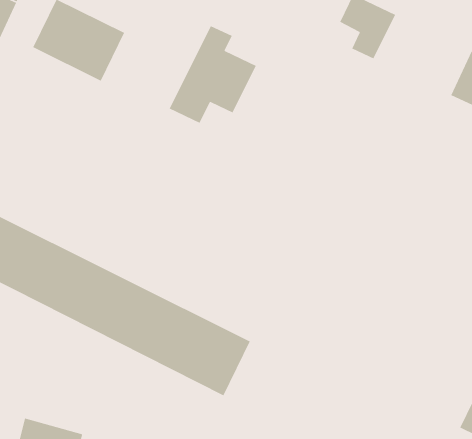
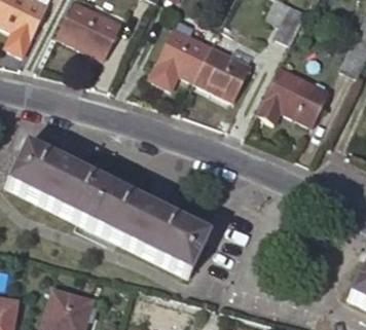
building: none -> [194,47,251,100]
building: none -> [256,68,328,124]

